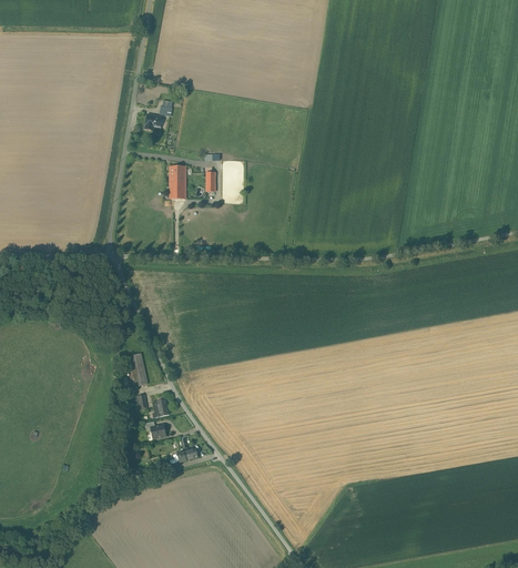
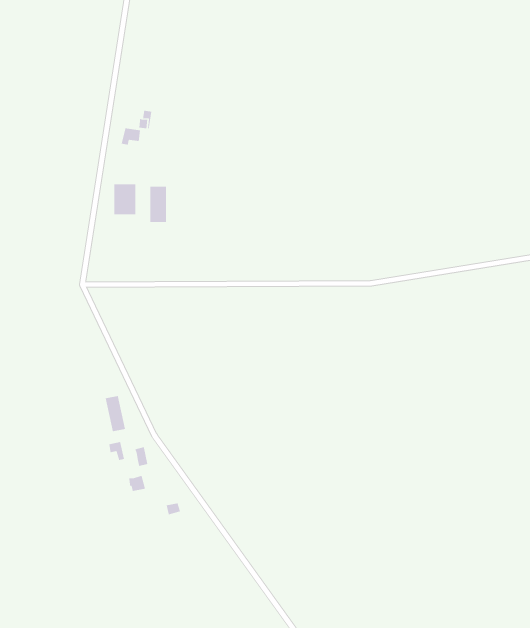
building: none -> [114,184,136,215]

